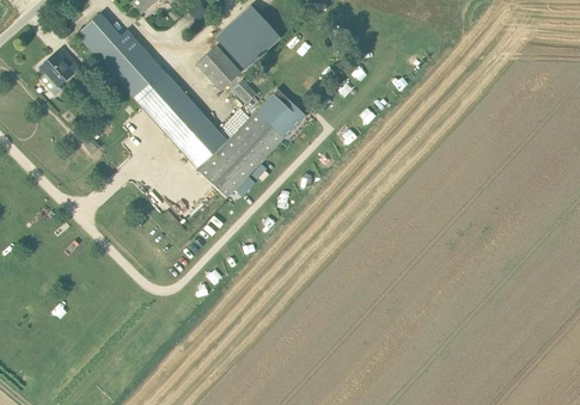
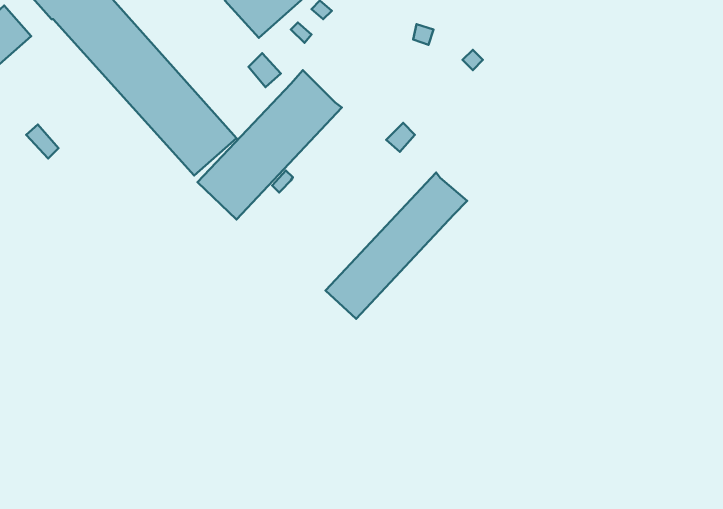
building: [196,48,242,93] -> none
building: none -> [325,173,467,319]

